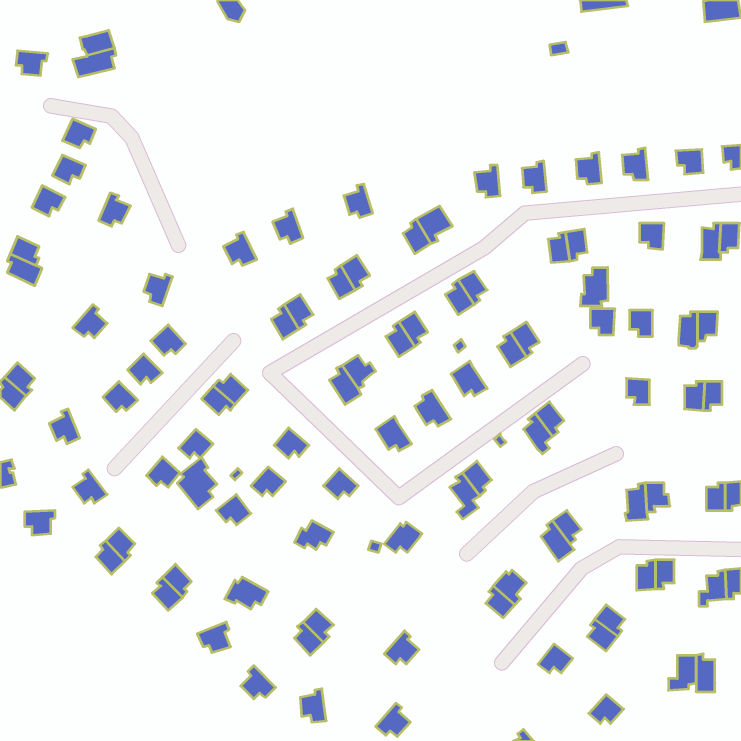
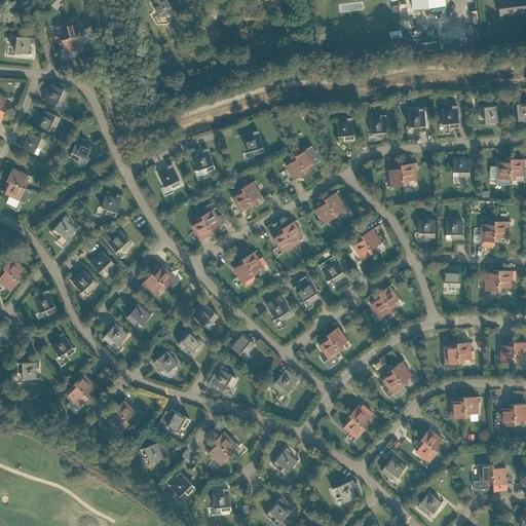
building: [580,267,608,306] -> none
building: [177,457,217,509] -> none
building: none -> [333,480,363,504]

